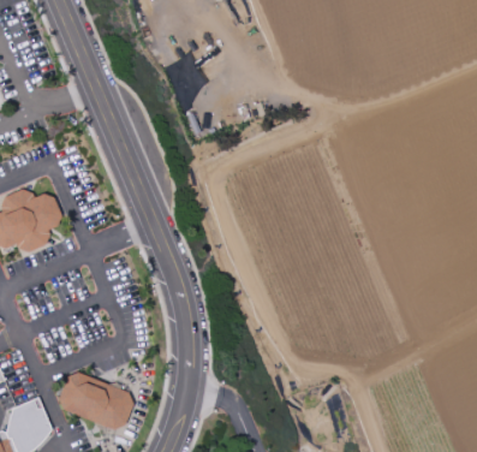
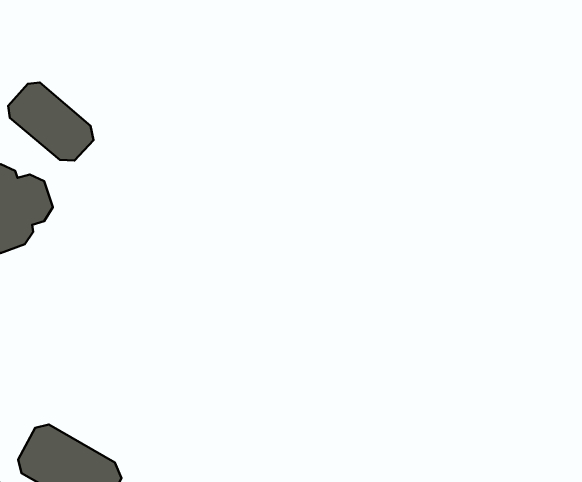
building: none -> [8,83,93,161]

